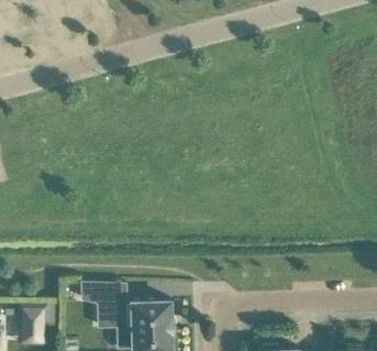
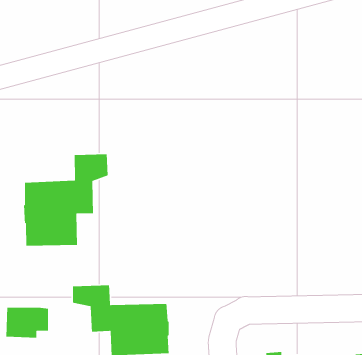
building: none -> [23,154,109,246]

